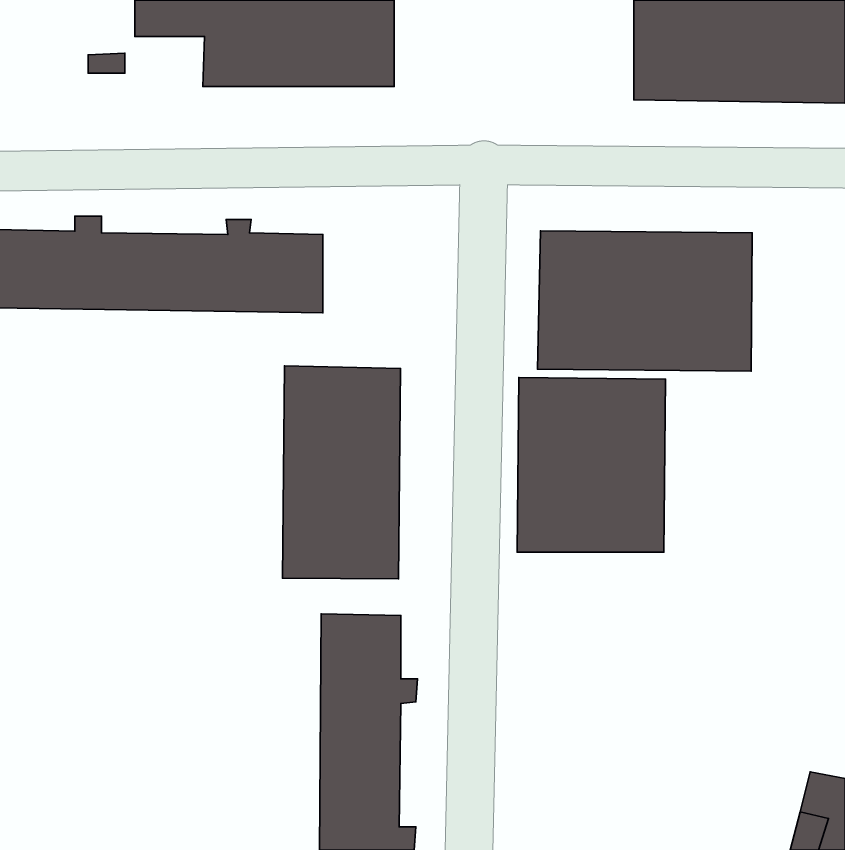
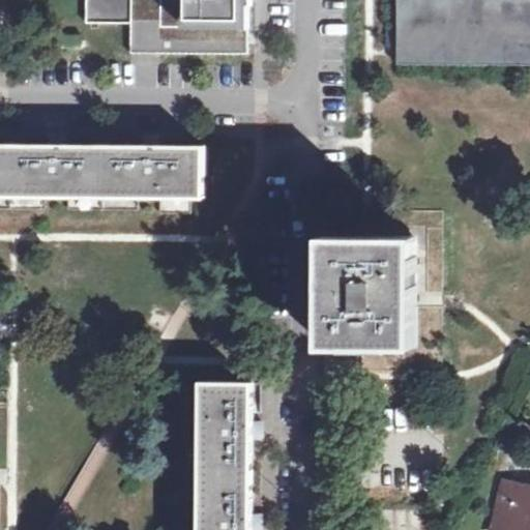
building: [537,231,752,371] -> none
building: [283,366,400,579] -> none

